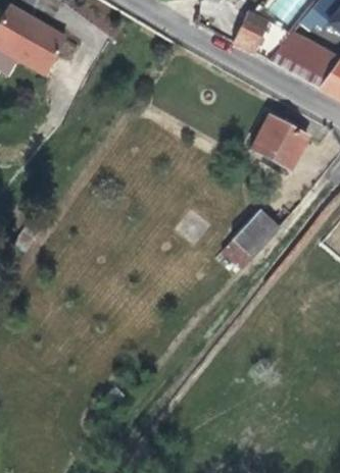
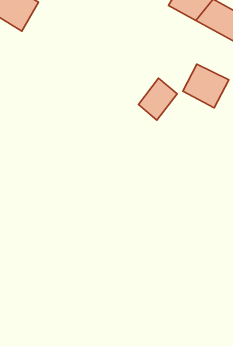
building: [233,207,281,259] -> [139,78,177,120]

